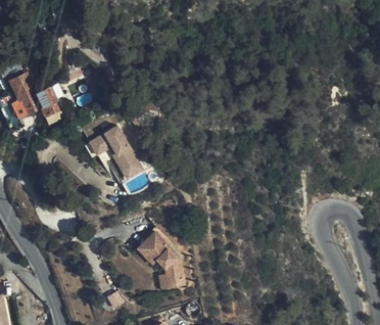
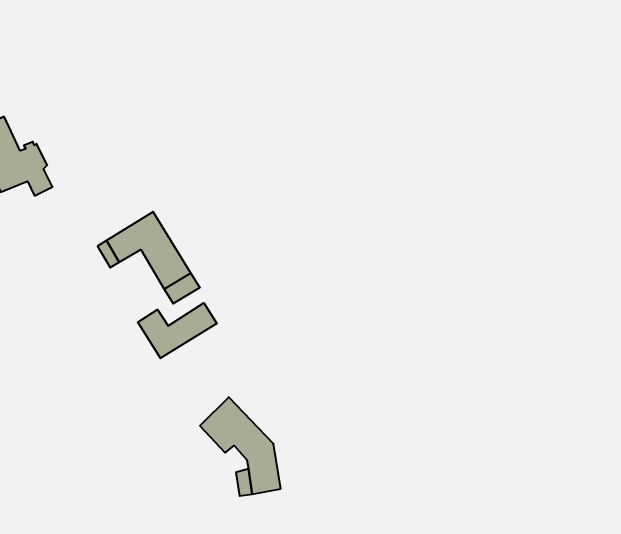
building: none -> [138,303,217,358]

